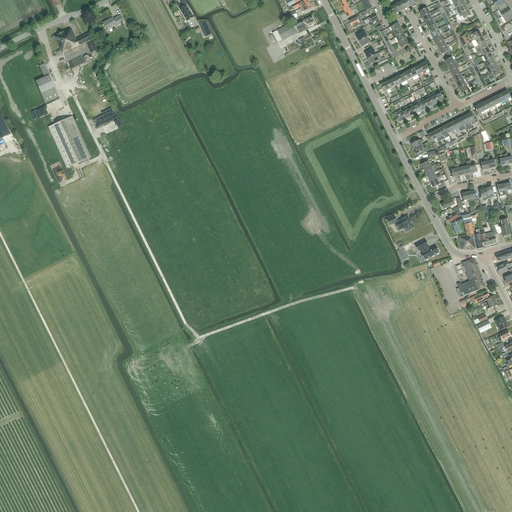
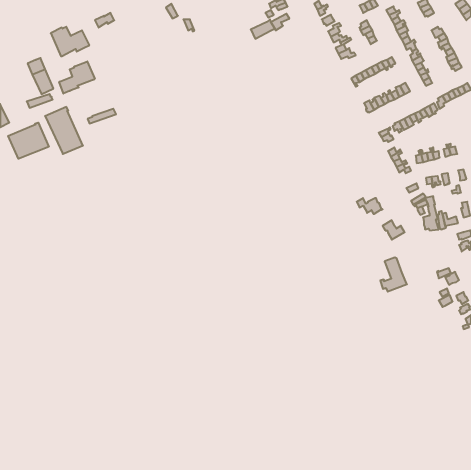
building: none -> [59,61,95,94]
building: none -> [8,123,49,159]
building: [457,258,486,295] -> [380,258,407,292]

